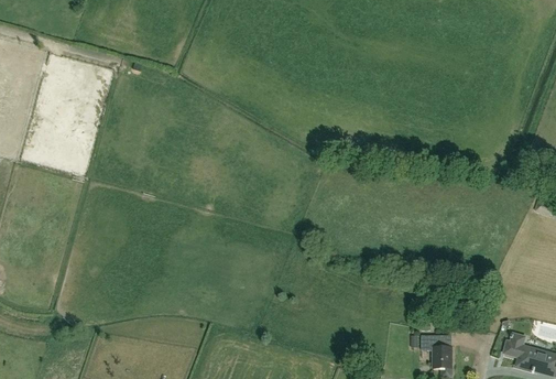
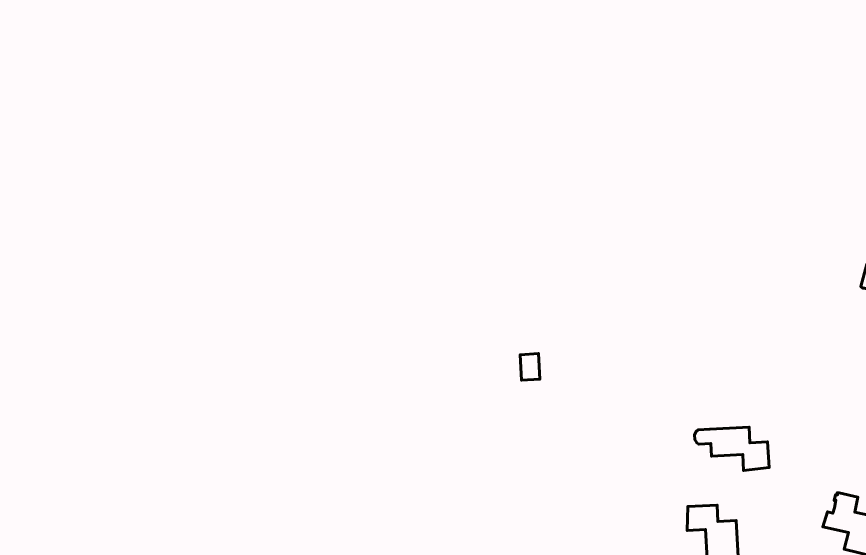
building: none -> [695,427,769,470]

